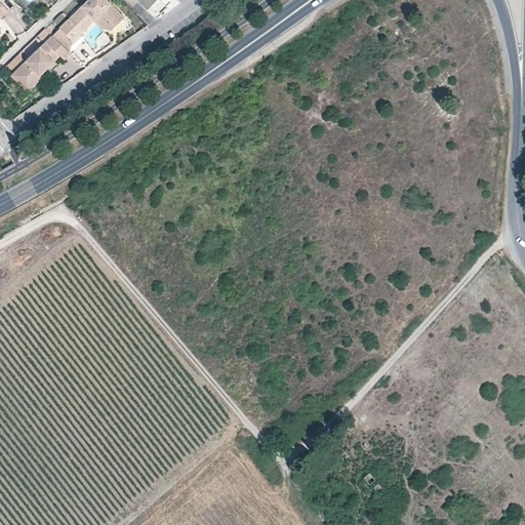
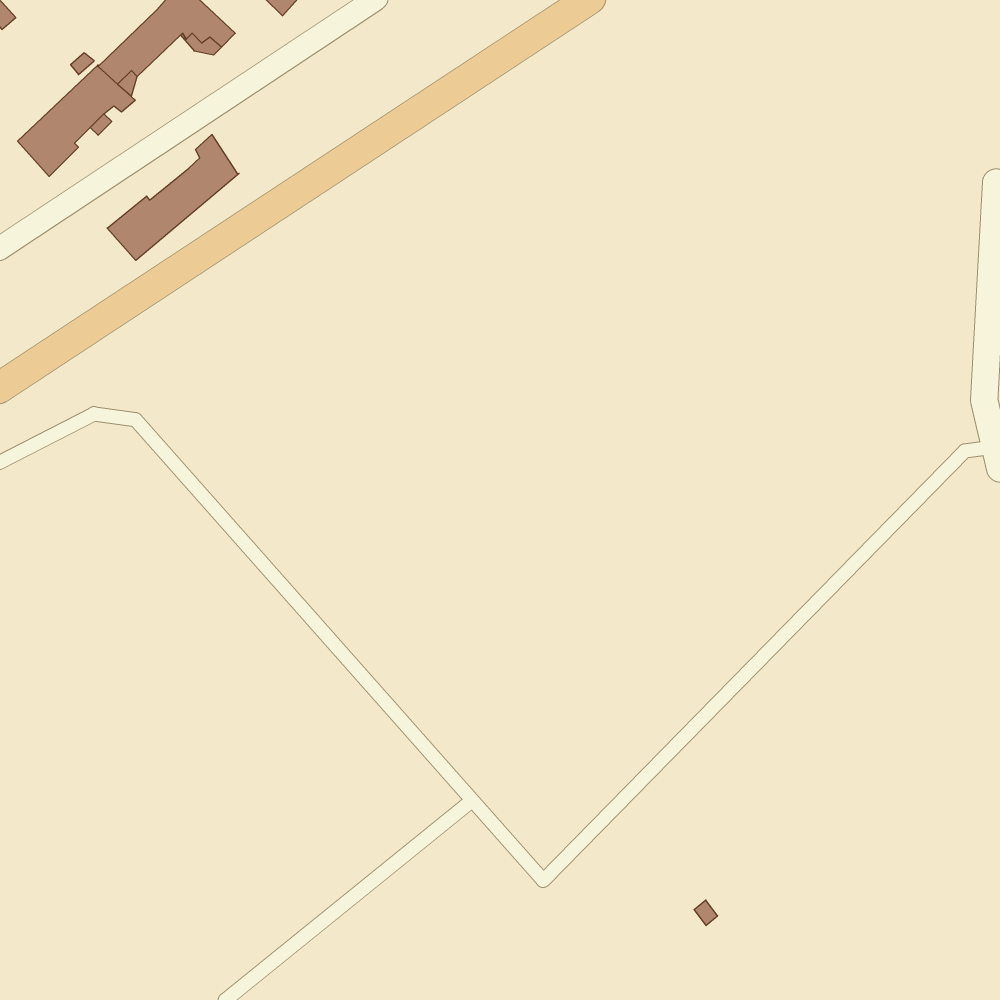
building: none -> [107,135,239,260]

